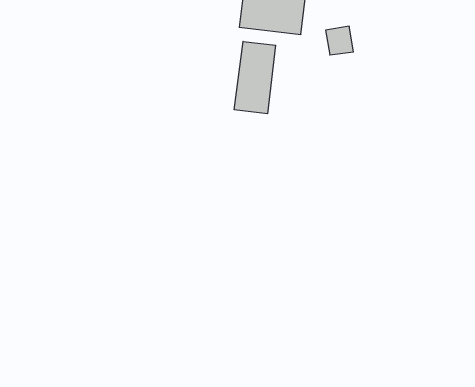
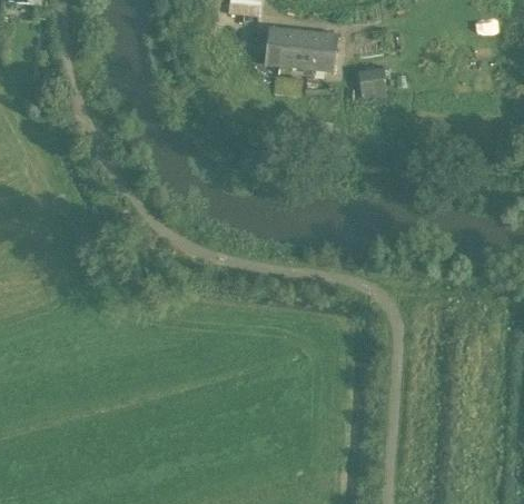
building: [234,41,276,114] -> none

